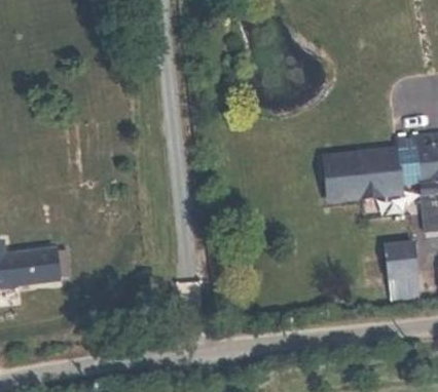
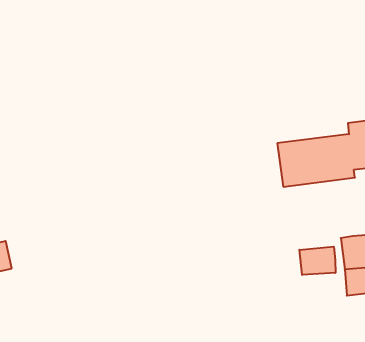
building: none -> [299,247,335,275]

